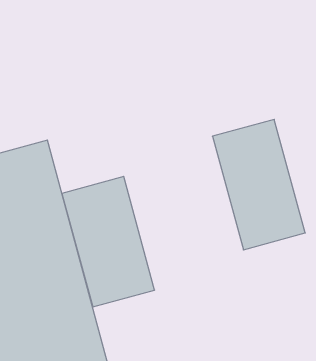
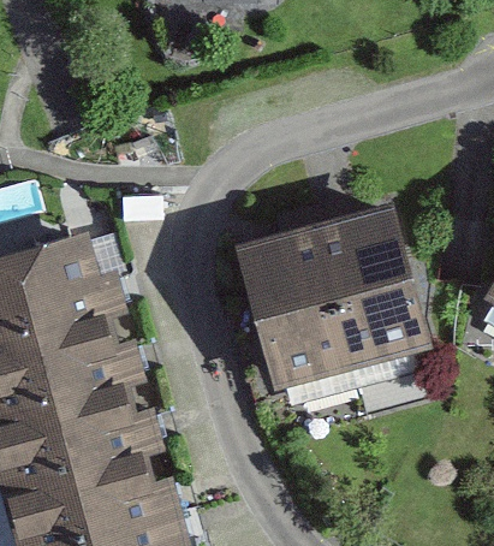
building: [62,176,155,307] -> [234,229,353,396]

